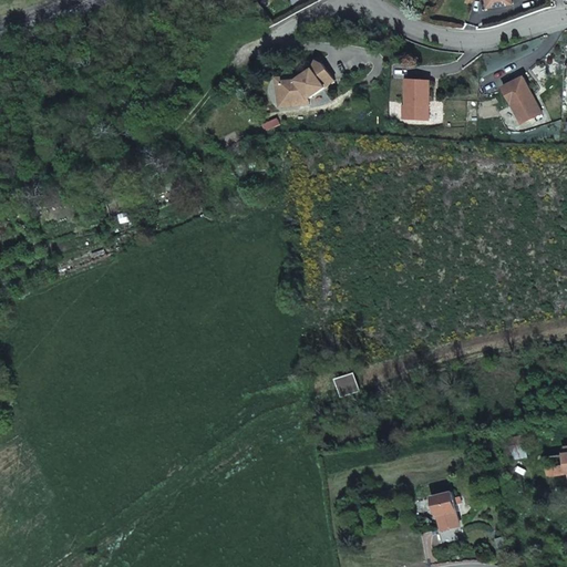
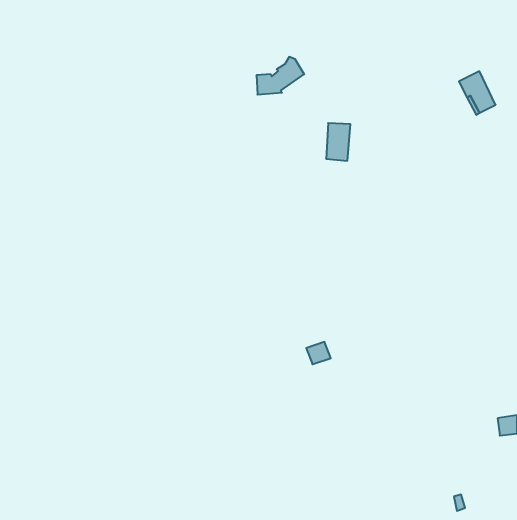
building: [401,80,427,121] -> [326,123,350,161]
building: [430,491,458,530] -> none

